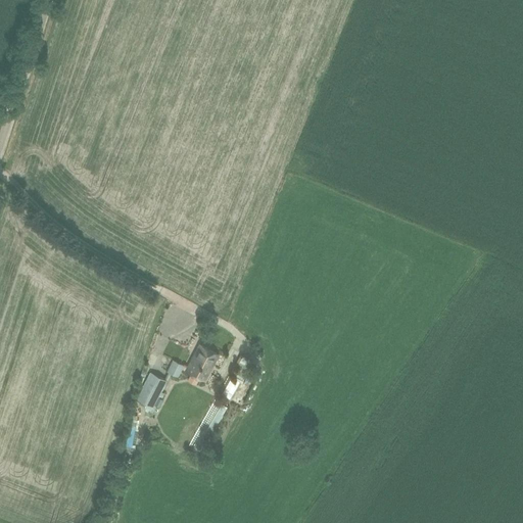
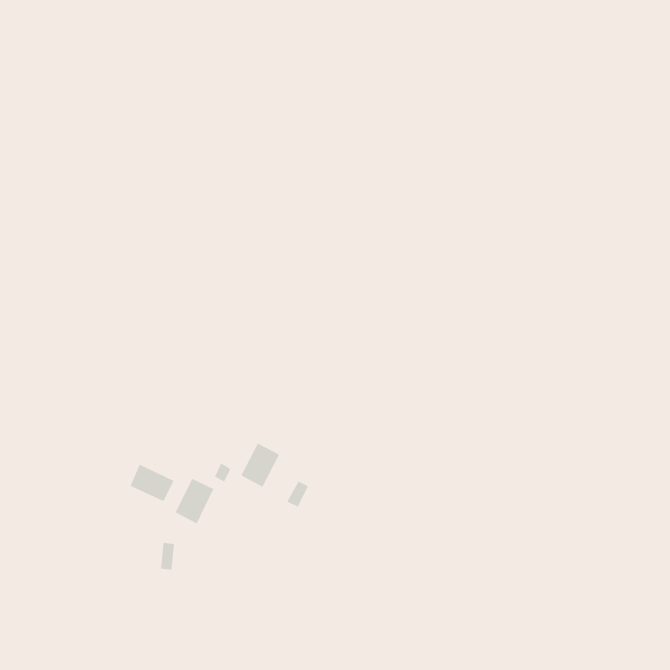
building: none -> [130,464,174,502]

